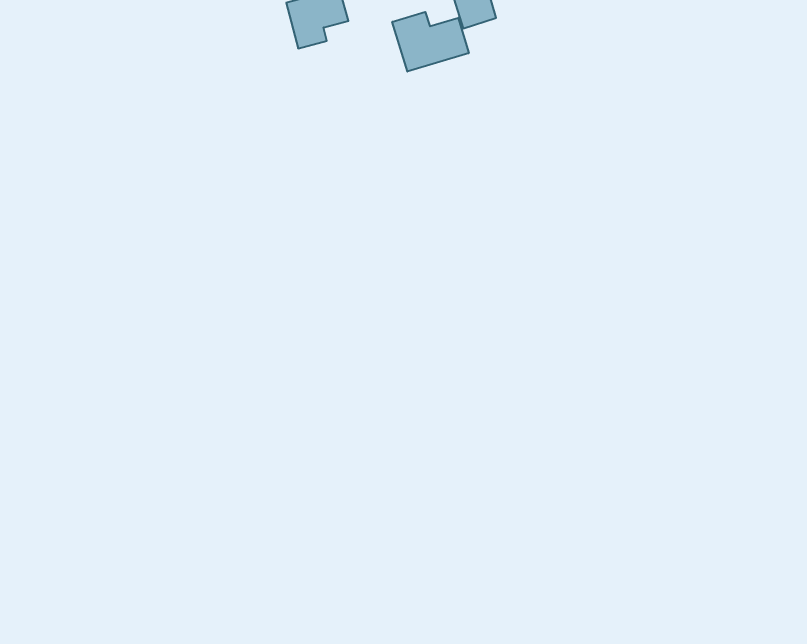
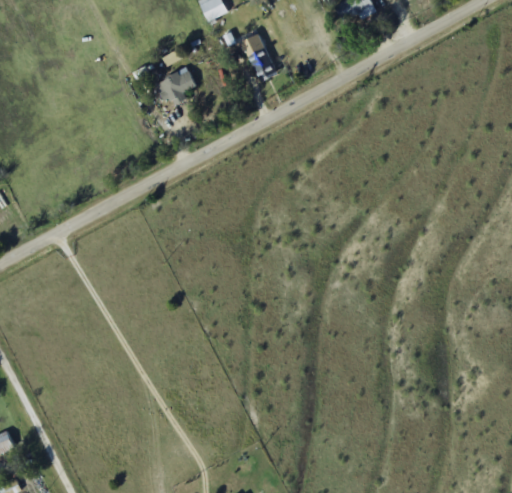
building: [392,12,469,72] -> none

